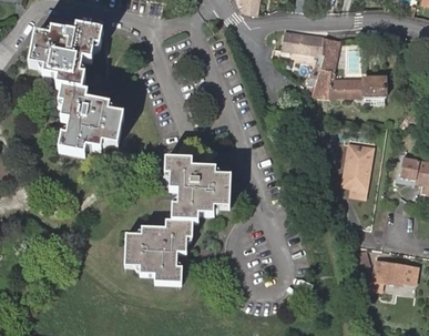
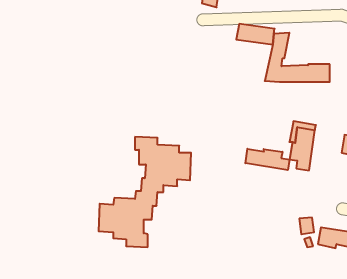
building: [30,30,122,156] -> none
building: none -> [245,149,289,170]

